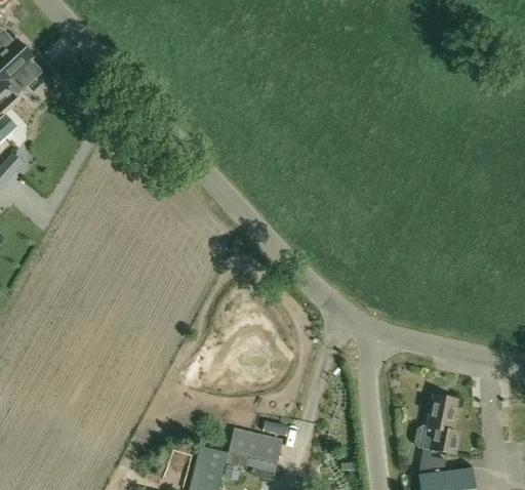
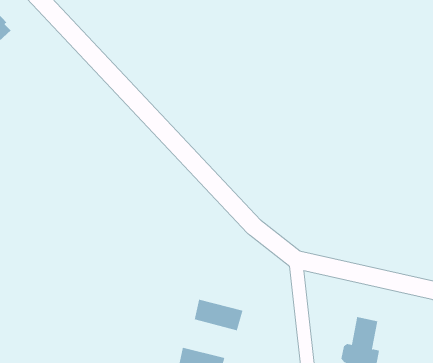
building: none -> [194,299,243,331]

